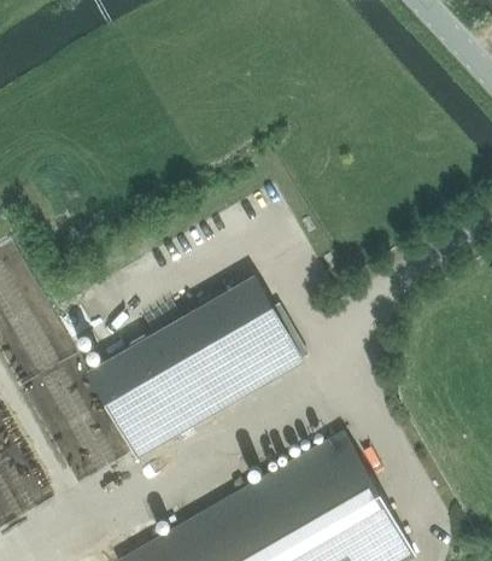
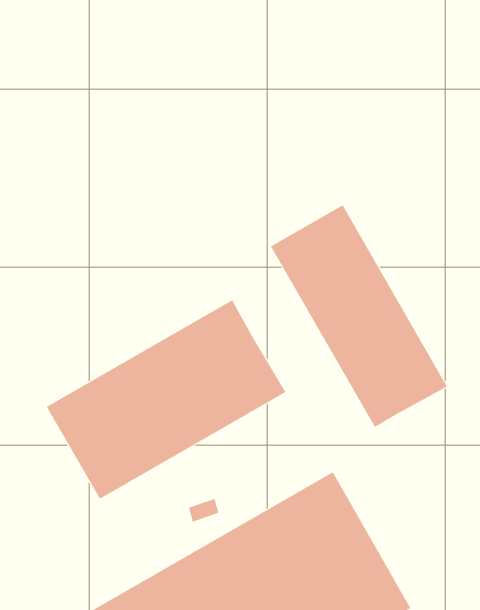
building: none -> [270,205,448,428]

